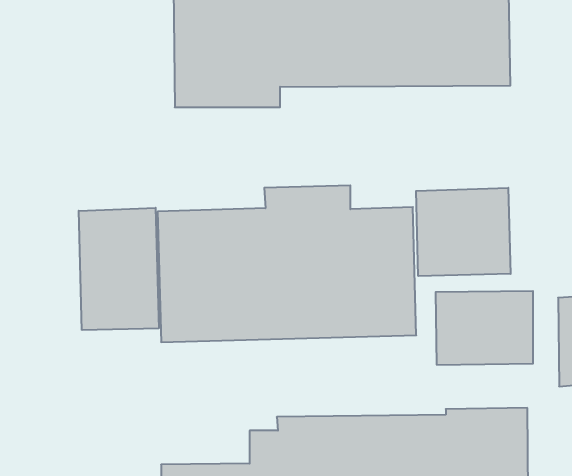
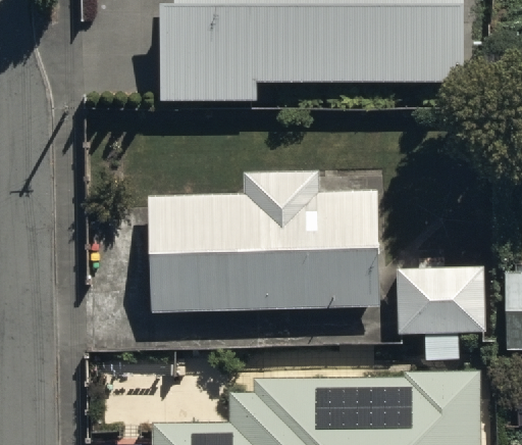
building: [416,188,511,276] -> none
building: [79,208,159,330] -> none

